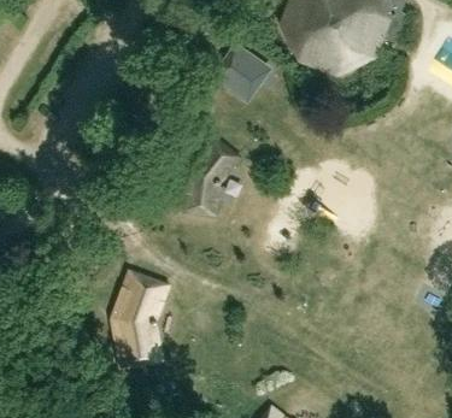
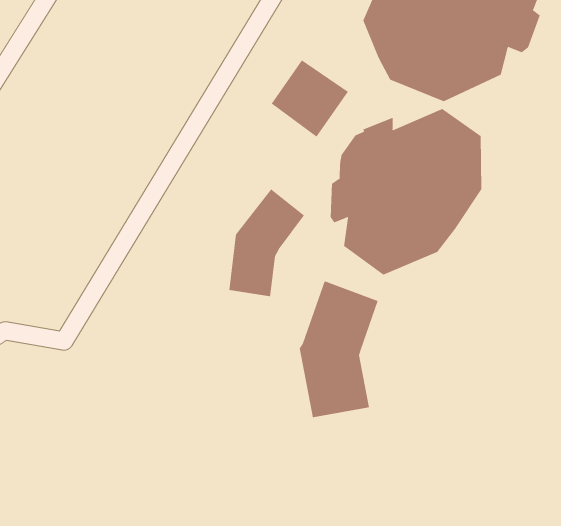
building: none -> [330,108,482,276]
building: [111,272,168,370] -> [299,280,378,418]

